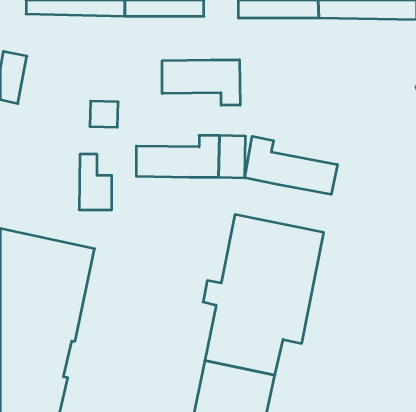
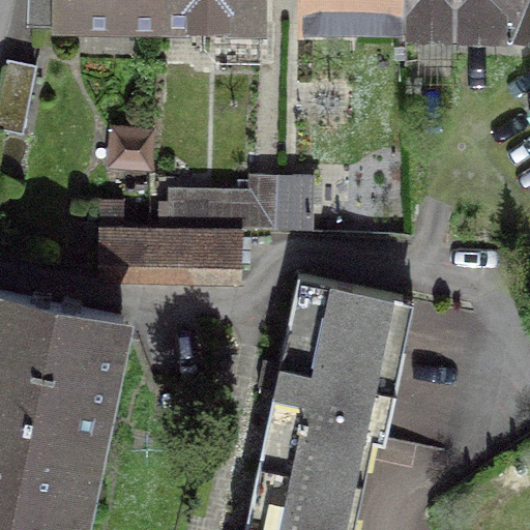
building: [162,60,240,105] -> none
building: [245,136,337,194] -> none
building: none -> [143,229,241,274]

